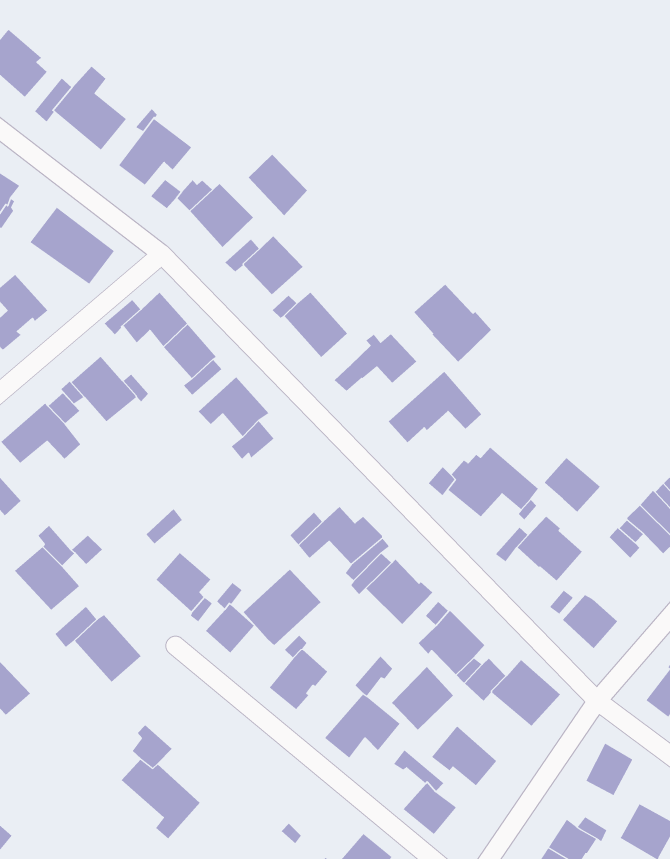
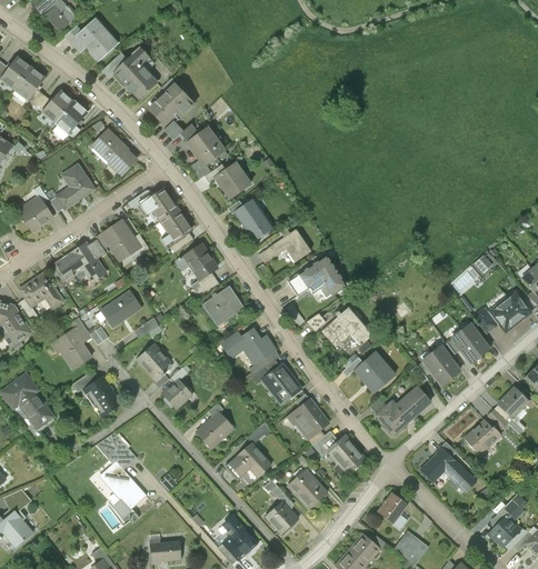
building: [248,154,308,216] -> none
building: [414,284,492,362] -> none
building: none -> [202,286,243,325]
building: [544,457,601,513] -> none
building: none -> [100,290,141,327]
building: none -> [396,387,429,420]
building: [243,569,321,646] -> none
building: [391,666,454,731] -> none

